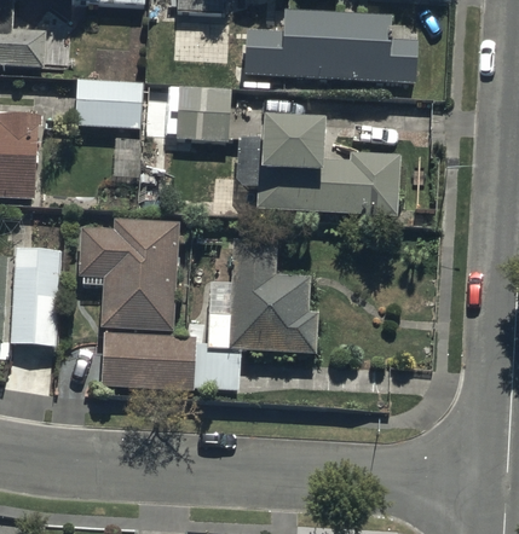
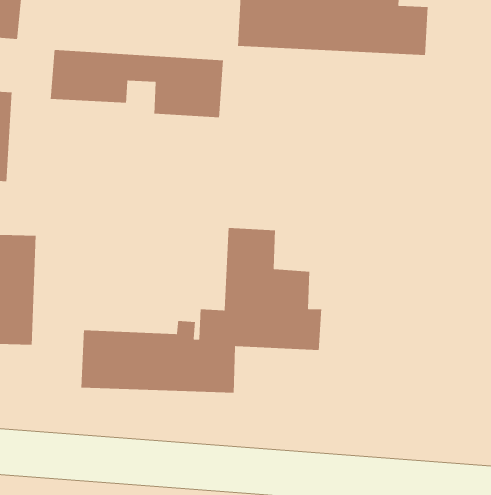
building: [255,120,400,216] -> none
building: [79,217,175,331] -> none

